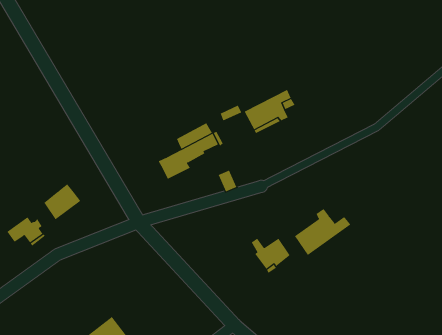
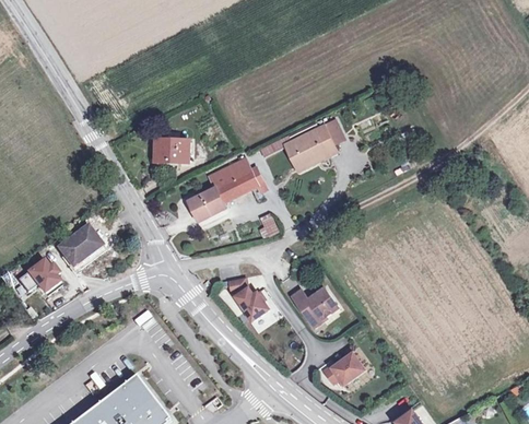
building: none -> [154,138,187,161]
building: [294,208,351,256] -> none
building: none -> [228,274,268,318]
building: none -> [325,351,365,384]

